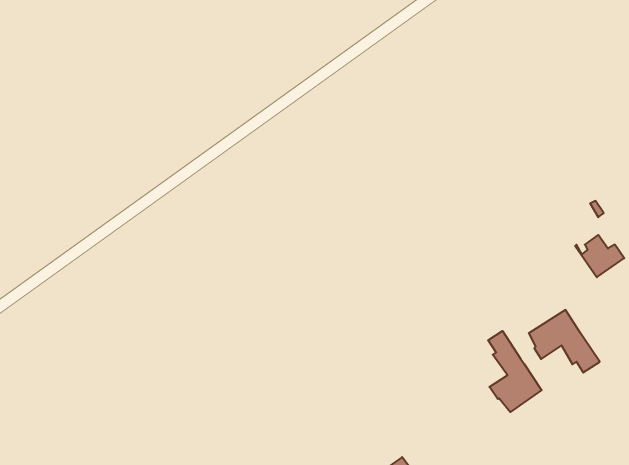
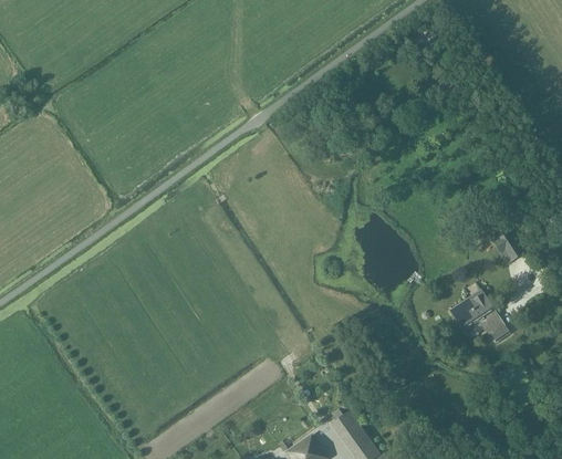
building: [488,331,542,412] -> none

